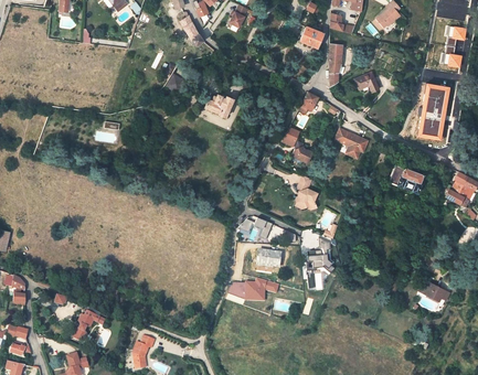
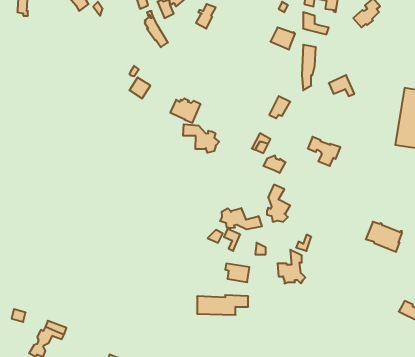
building: none -> [183,124,219,153]
building: [389,164,423,193] -> [366,222,402,252]
building: none -> [220,208,262,229]

